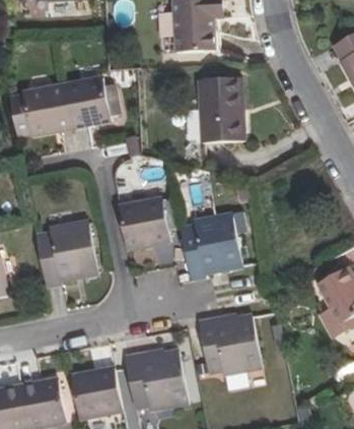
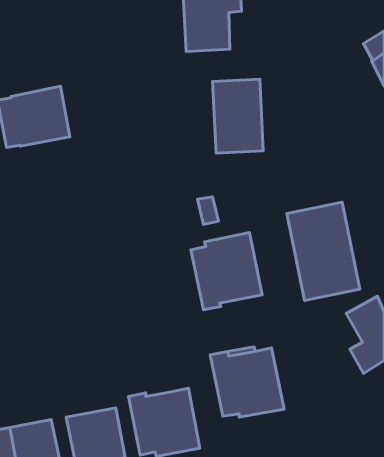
building: [66,76,112,128] -> none
building: none -> [287,202,360,301]
building: [120,199,171,250] -> none
building: [37,222,98,288] -> none

